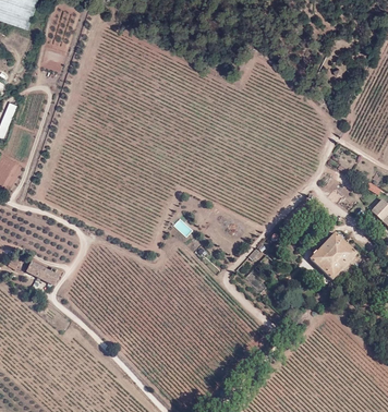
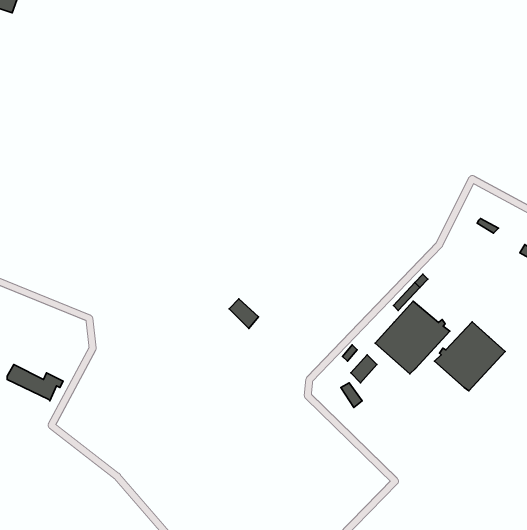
building: none -> [375,301,450,374]

